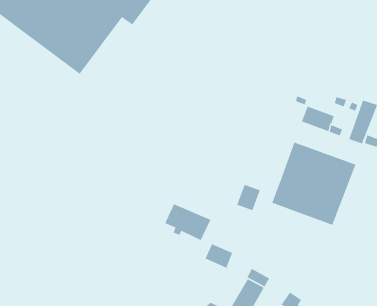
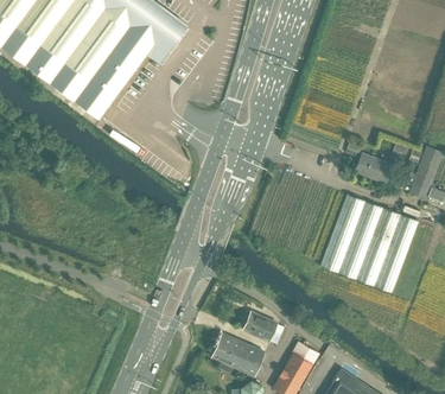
building: [236,184,261,211] -> none
building: [164,203,212,241] -> [211,333,266,377]

